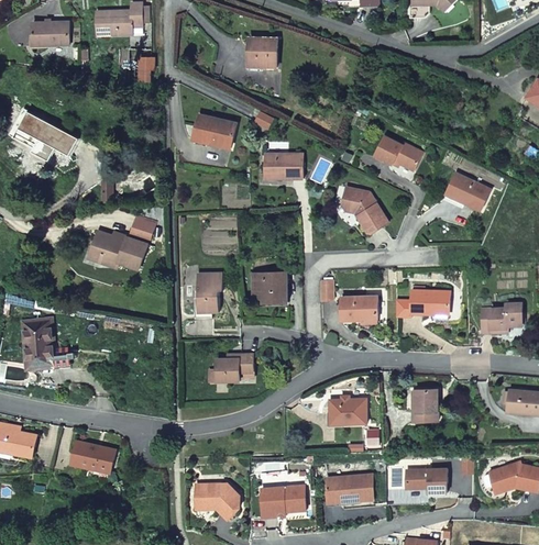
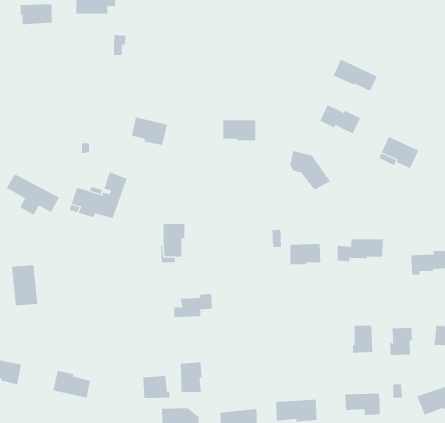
building: [249,38,277,67] -> none
building: none -> [333,59,378,91]
building: [18,111,79,159] -> [6,174,60,216]
building: [194,115,235,148] -> [131,117,168,146]
building: [252,272,286,303] -> none
building: none -> [389,327,412,356]
building: [328,399,365,424] -> none
building: none -> [180,362,202,393]
building: none -> [143,375,170,399]

